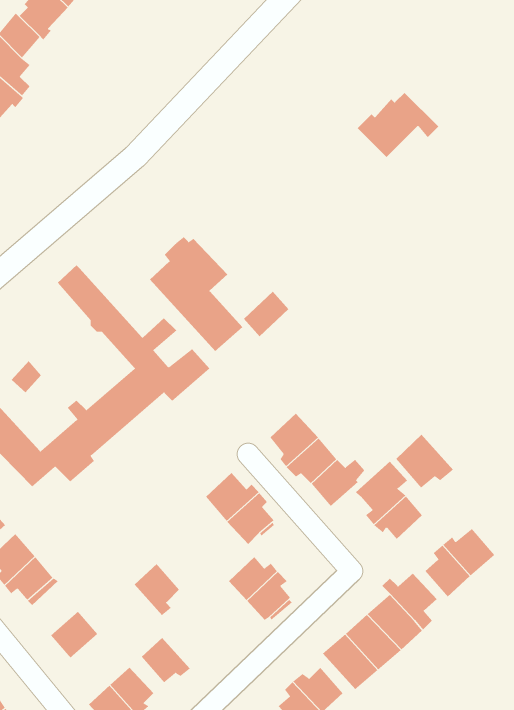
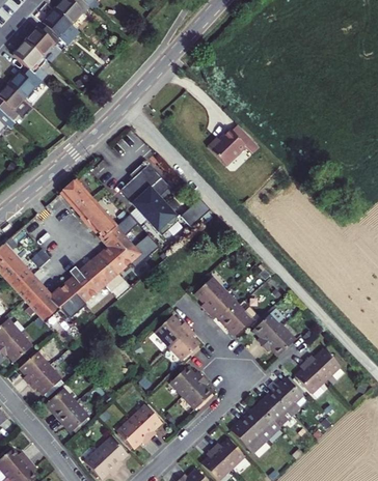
building: [357,92,439,158] -> [210,121,262,163]
building: [396,434,454,489] -> none
building: [134,563,180,616] -> [130,404,159,437]
building: none -> [48,389,77,417]

